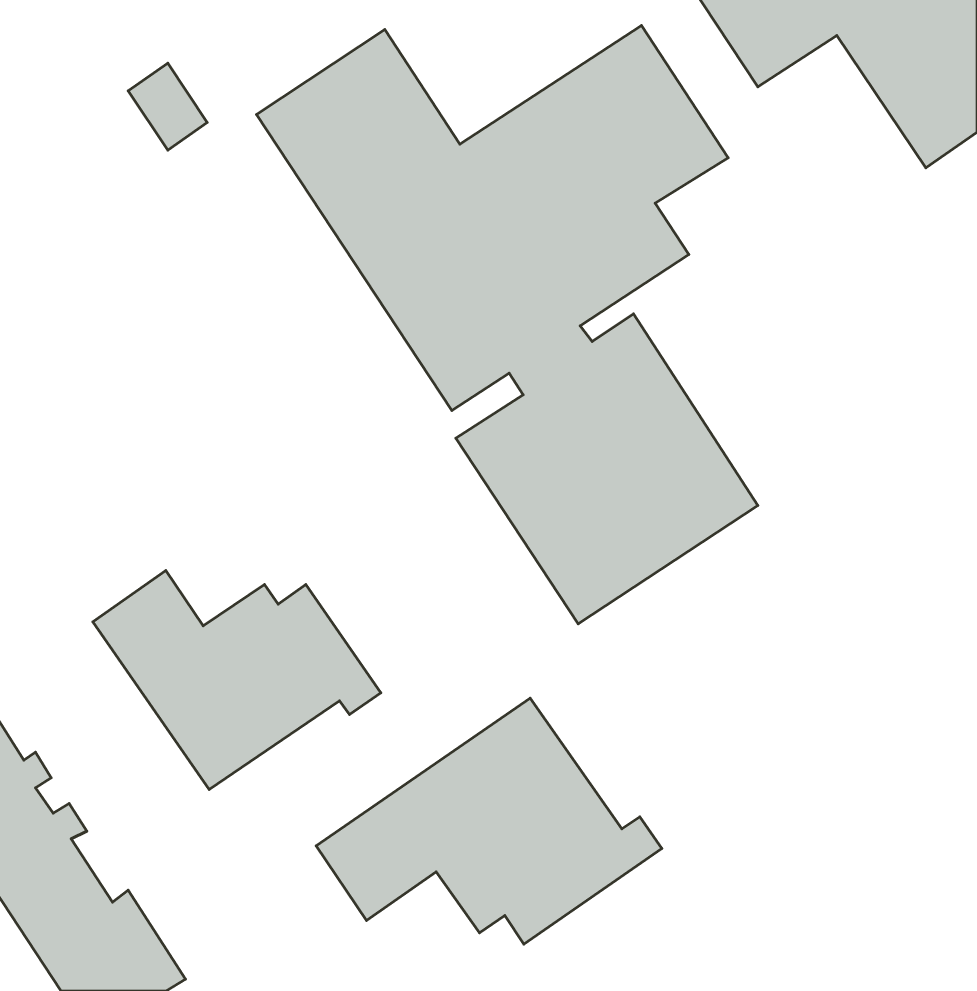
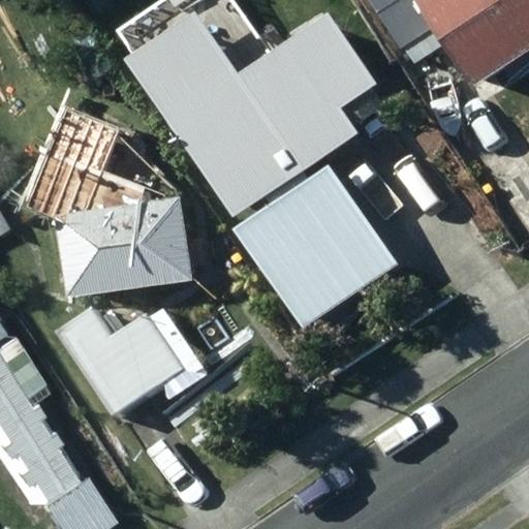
building: none -> [33,107,193,297]
building: [316,698,662,944] -> none

